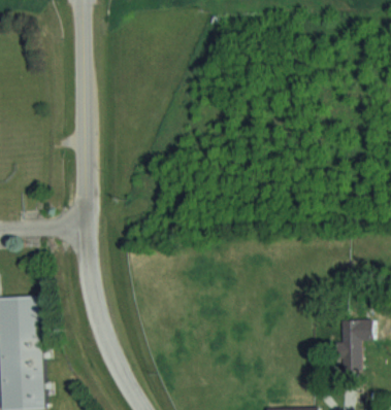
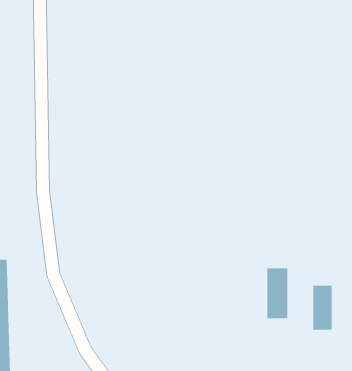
building: none -> [267,268,288,319]

